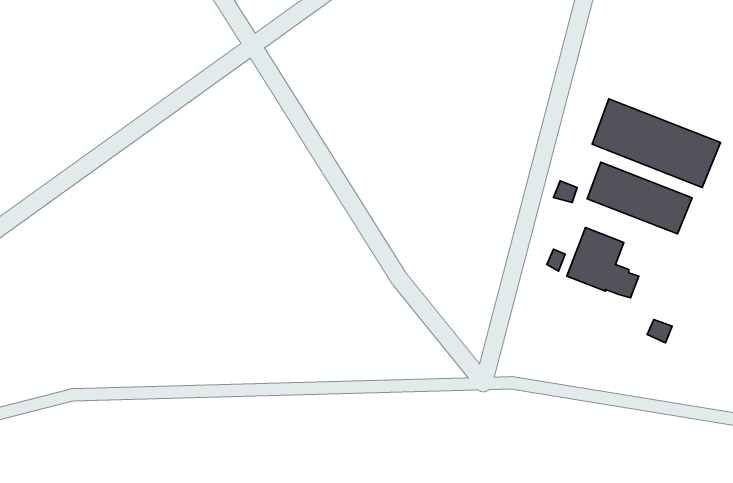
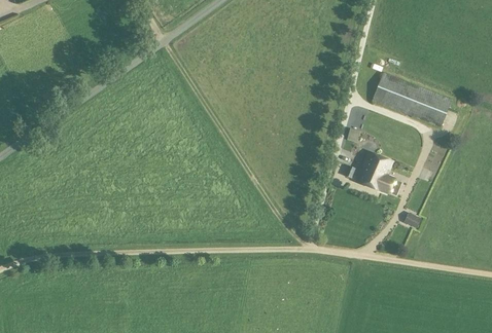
building: [587,162,692,234] -> none

